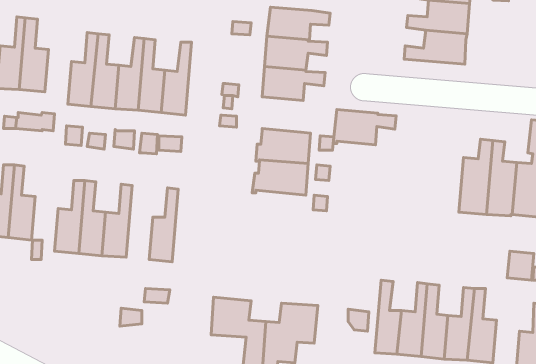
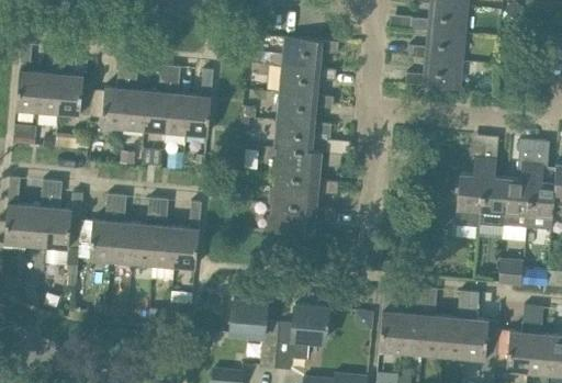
building: [333,110,396,145] -> [273,120,330,151]
building: none -> [153,200,178,281]
building: none -> [267,204,316,236]

